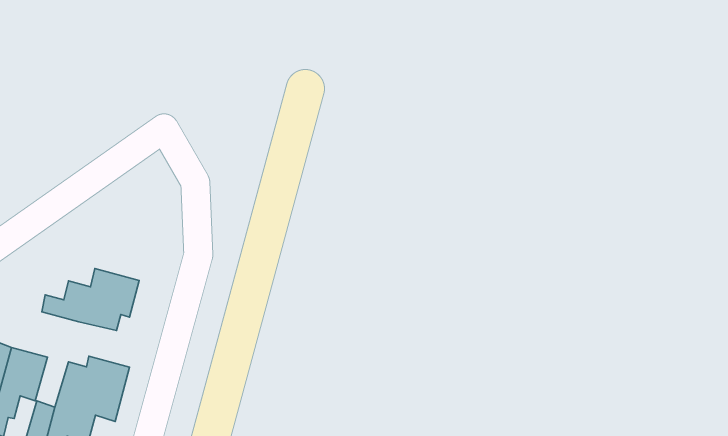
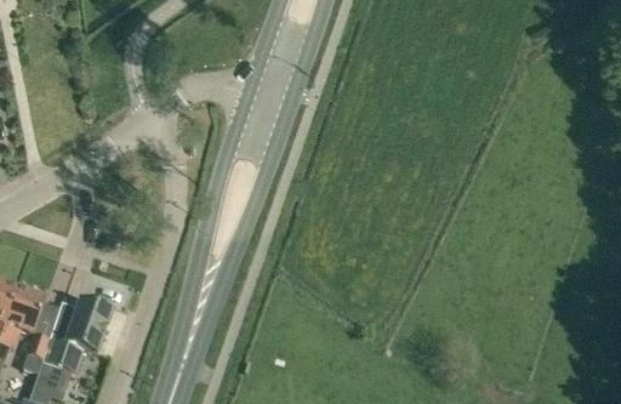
building: [42,269,139,331] -> none

